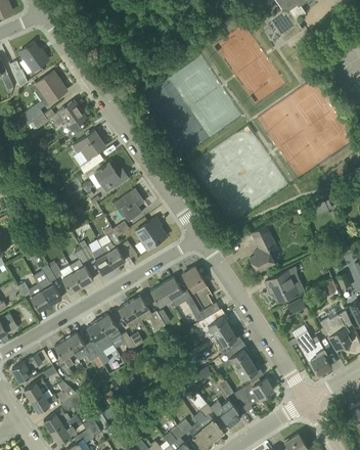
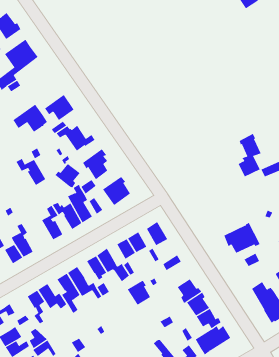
building: [49,100,87,131] -> [13,104,48,132]
building: none -> [54,163,80,188]
building: [250,225,275,272] -> [238,133,262,177]
building: [49,264,82,294] -> [15,158,46,186]
building: [204,309,229,336] -> [127,280,151,306]

